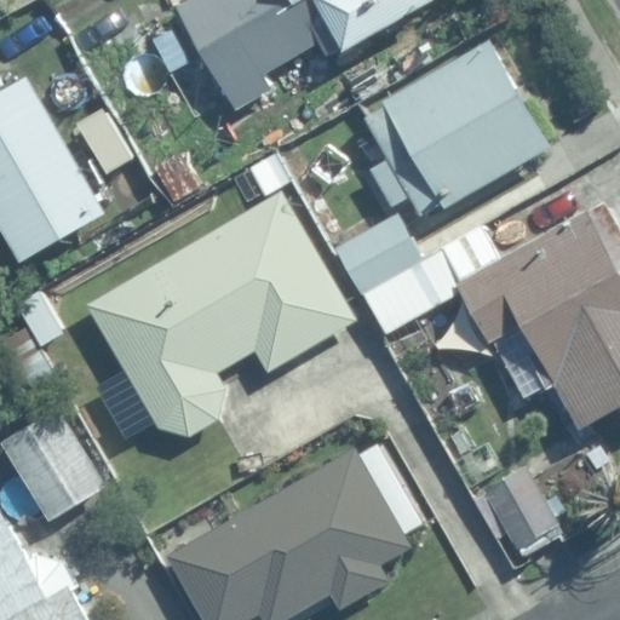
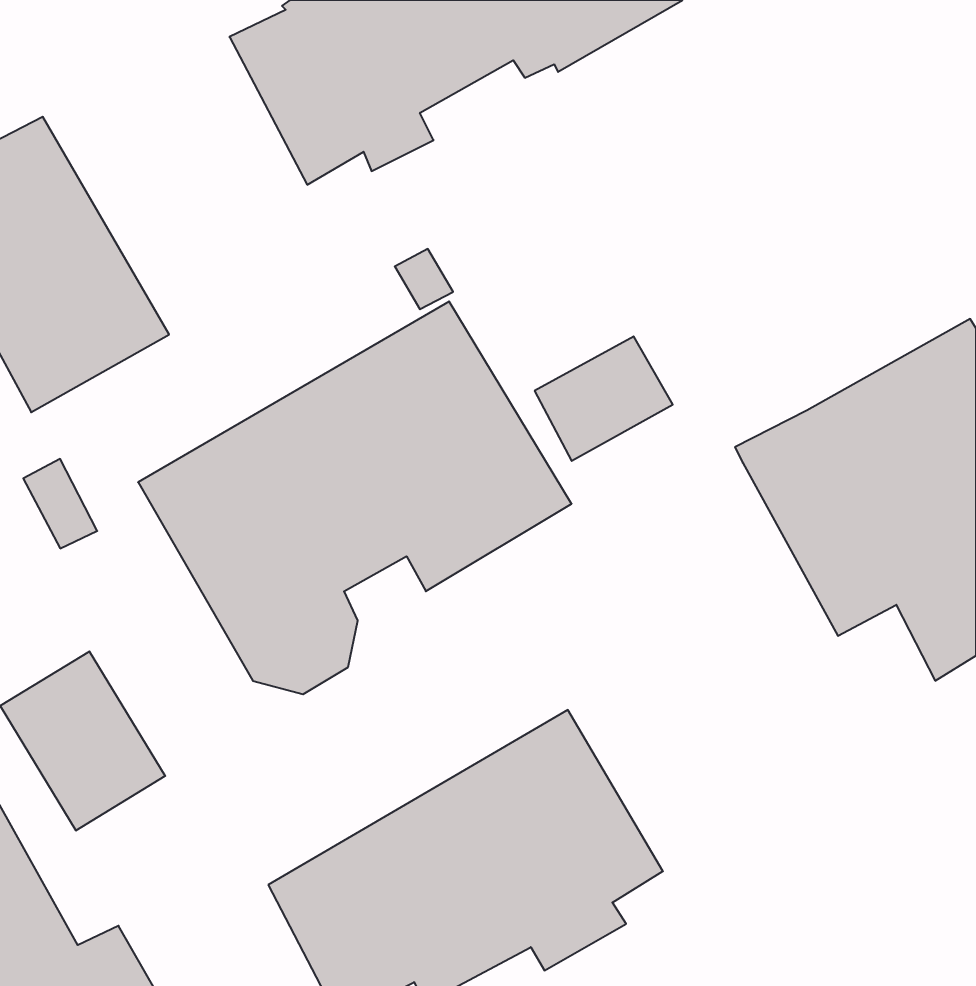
building: [366,36,558,214] -> none
building: [363,226,503,334] -> none
building: [470,469,561,558] -> none

